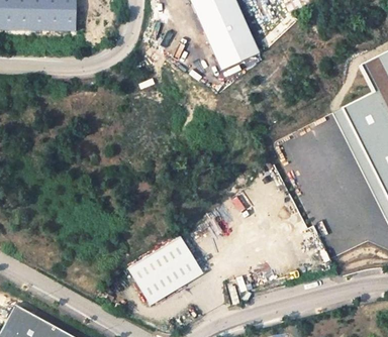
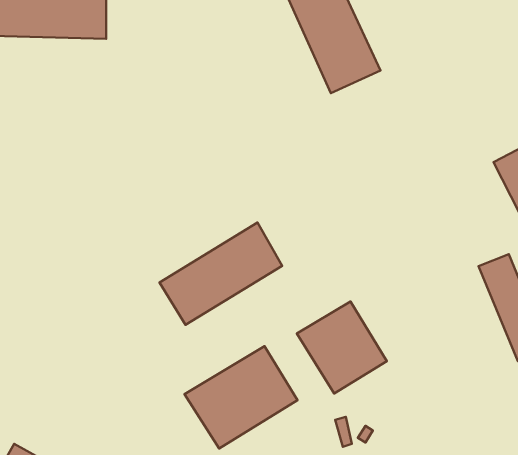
building: none -> [160,222,282,325]
building: none -> [297,302,387,393]

